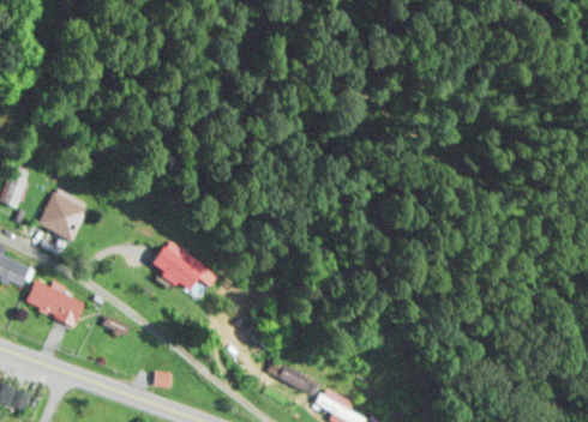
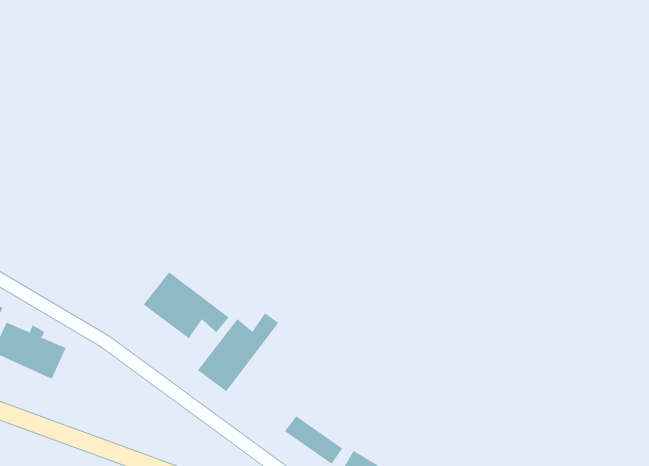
building: [35,186,91,245] -> none
building: none -> [197,312,279,392]

